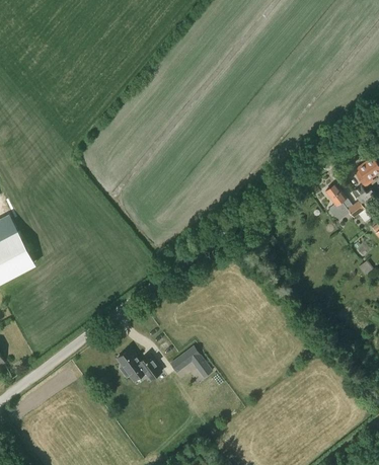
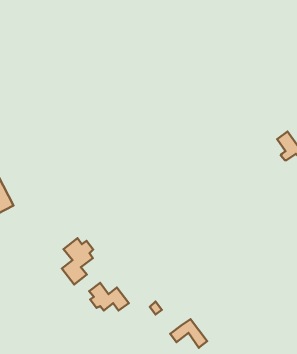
building: none -> [62,238,93,285]
building: [170,346,211,378] -> [170,319,207,348]

